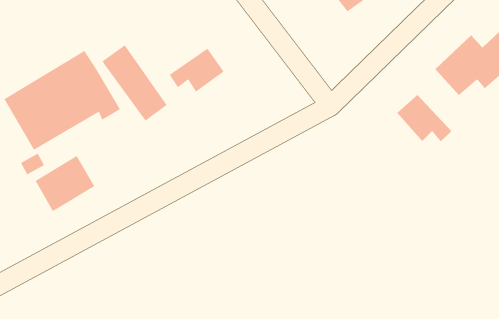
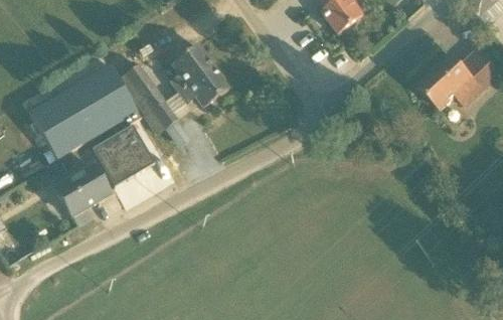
building: none -> [170,45,213,91]
building: [397,94,452,142] -> none
building: none -> [91,125,154,187]

